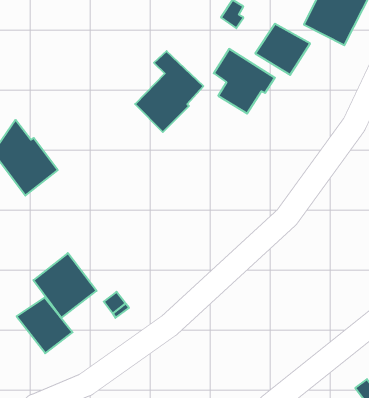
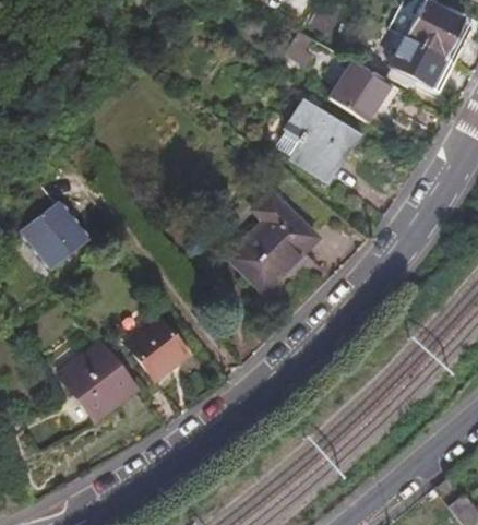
building: [135,51,203,132] -> [229,198,312,296]
building: none -> [126,317,188,381]
building: [17,298,73,353] -> none

